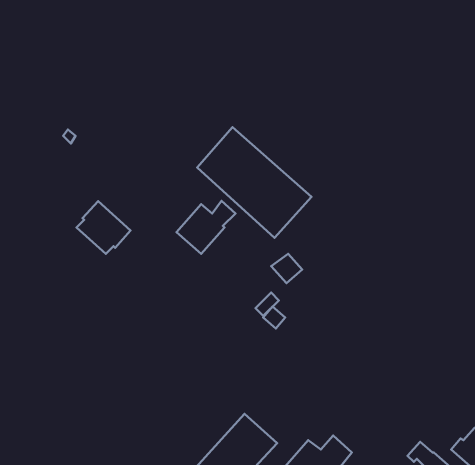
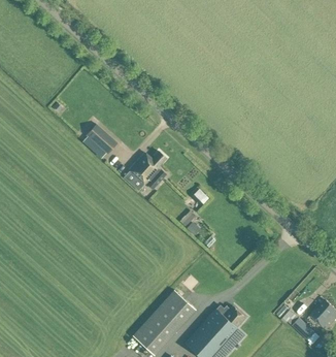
building: [197,127,312,238] -> none
building: [76,201,131,254] -> [80,123,116,158]

